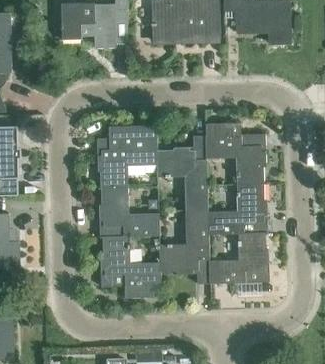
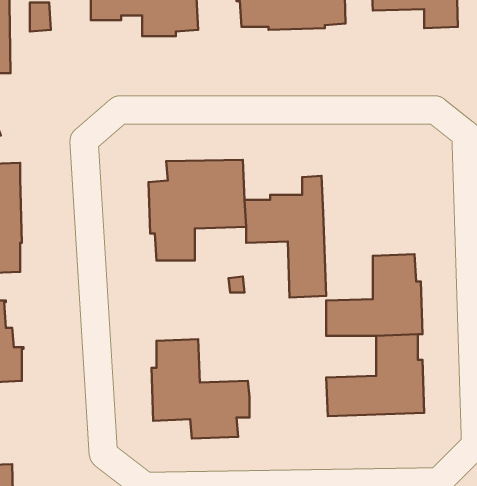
building: [205,122,265,185] -> none
building: [99,188,159,238] -> none
building: [159,210,209,285] -> none

